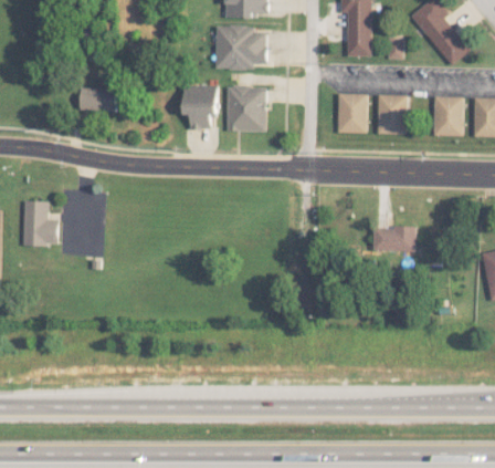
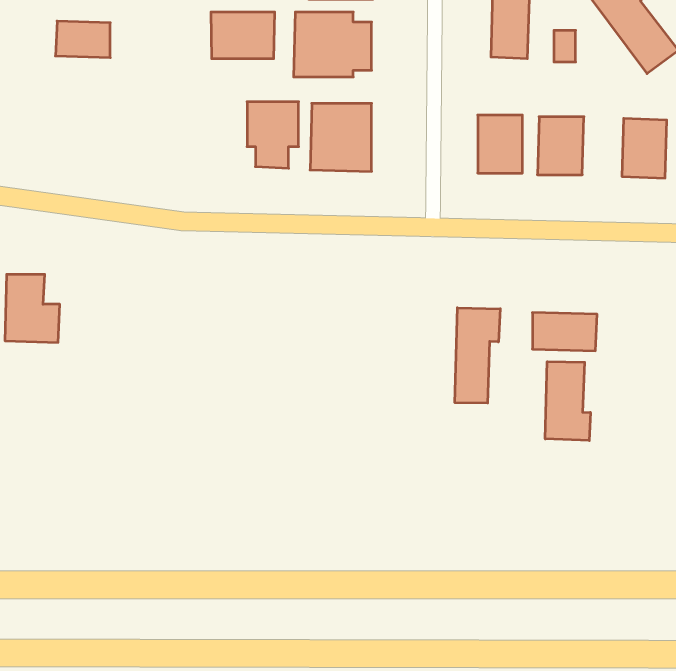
building: none -> [211,12,275,59]
building: [80,87,116,112] -> [55,21,110,58]
building: none -> [455,308,500,403]
building: none -> [545,362,590,441]

